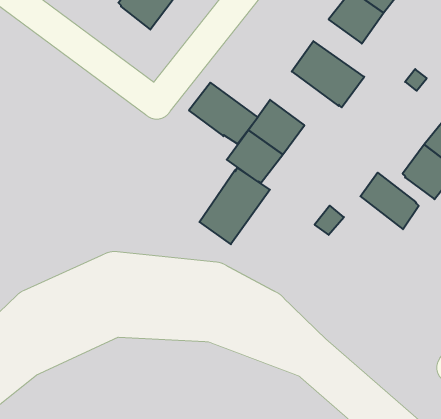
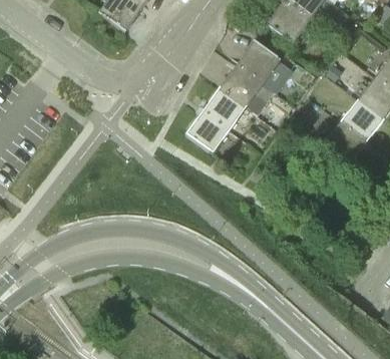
building: [189,83,258,144] -> [220,64,274,112]
building: [199,168,270,244] -> none
building: [360,173,419,229] -> none

